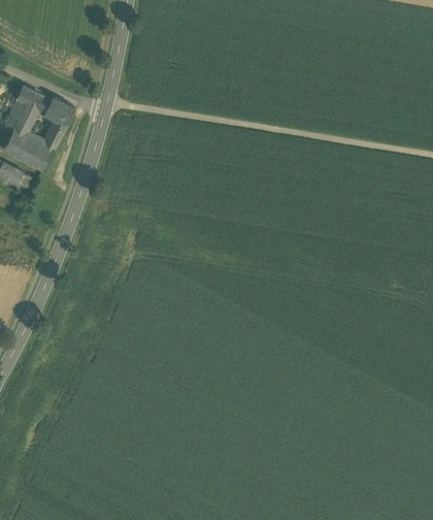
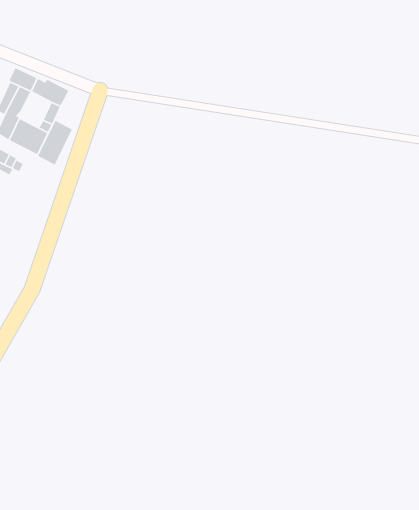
building: none -> [37,120,73,166]

